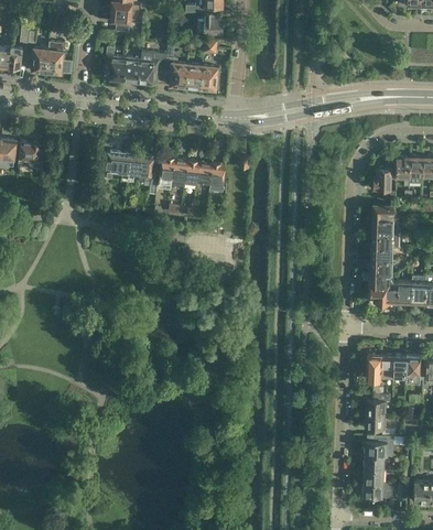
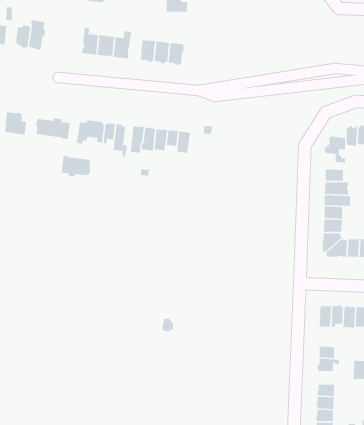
building: none -> [36,118,71,140]
building: none -> [61,155,91,177]

